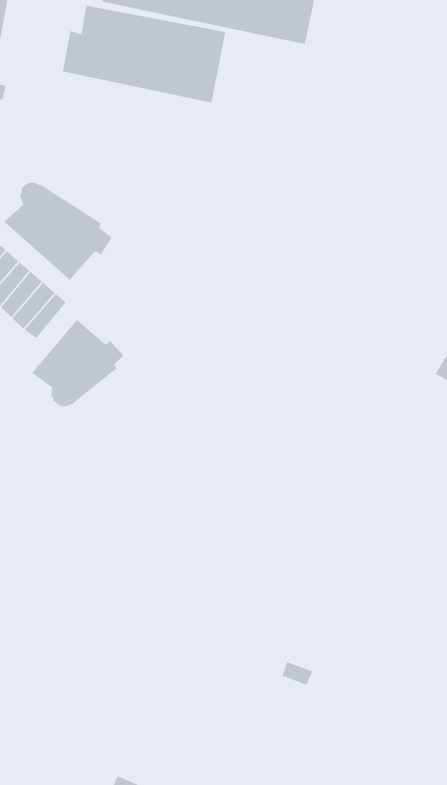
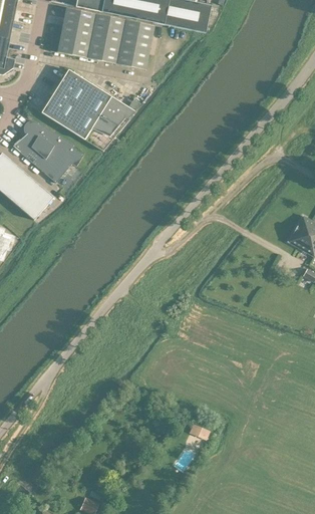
building: none -> [40,68,138,140]
building: [31,319,124,407] -> none

